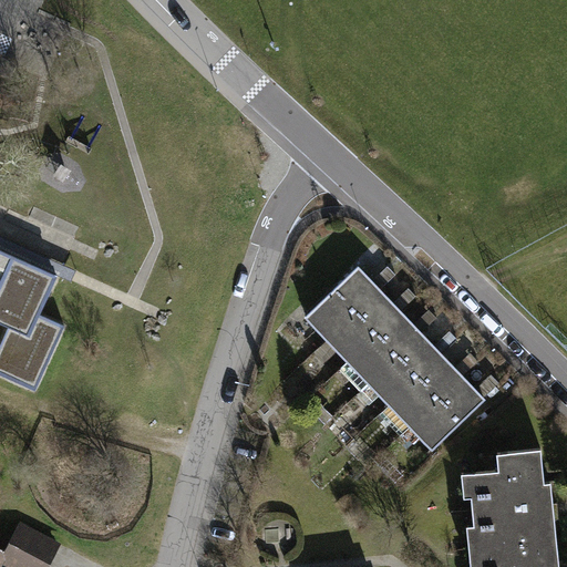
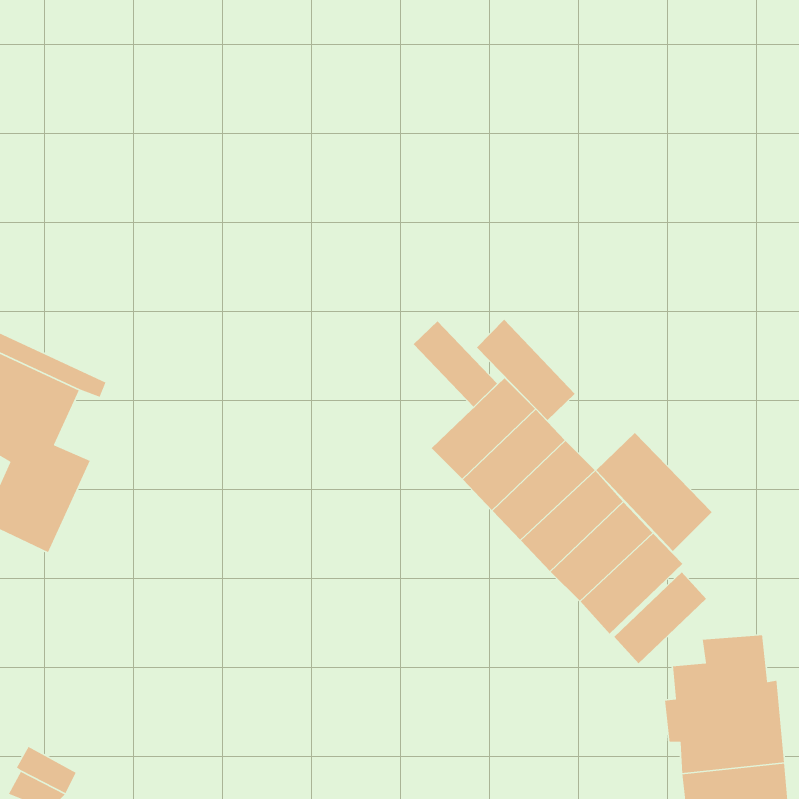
building: none -> [476,319,575,421]
building: none -> [413,320,498,407]
building: none -> [595,432,713,552]
building: none -> [614,571,707,664]

